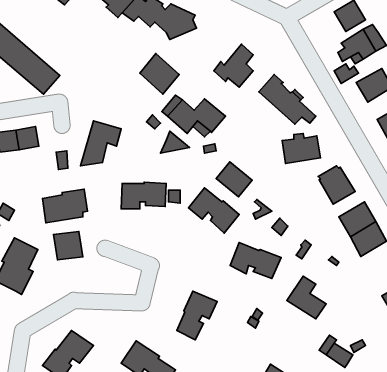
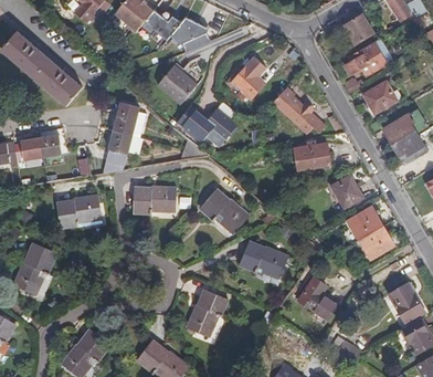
building: none -> [112,102,145,137]
building: [216,162,252,197] -> none
building: [54,231,83,260] -> none

